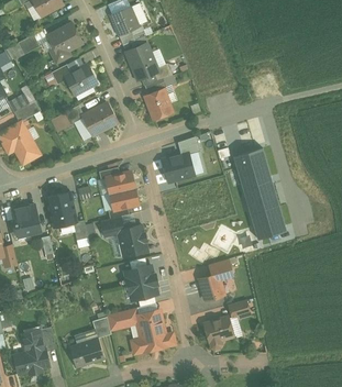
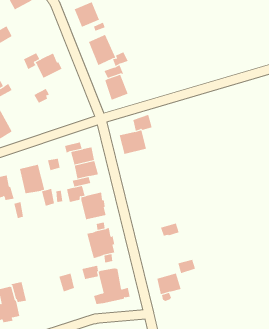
building: [47,24,80,63] -> none
building: [81,103,117,135] -> none
building: [234,147,291,240] -> none
building: [198,274,223,300] -> none
building: [69,339,103,367] -> none

